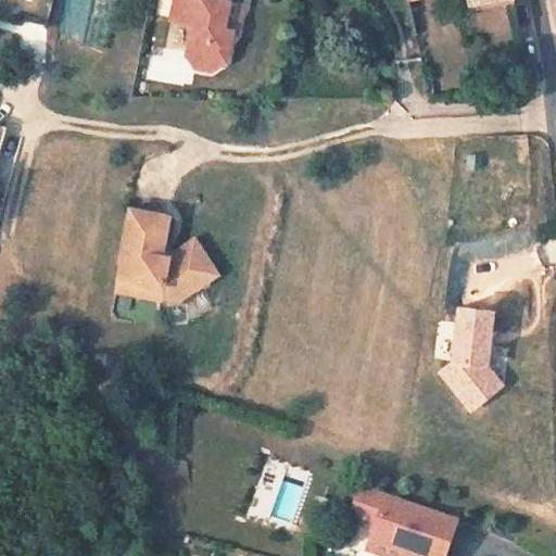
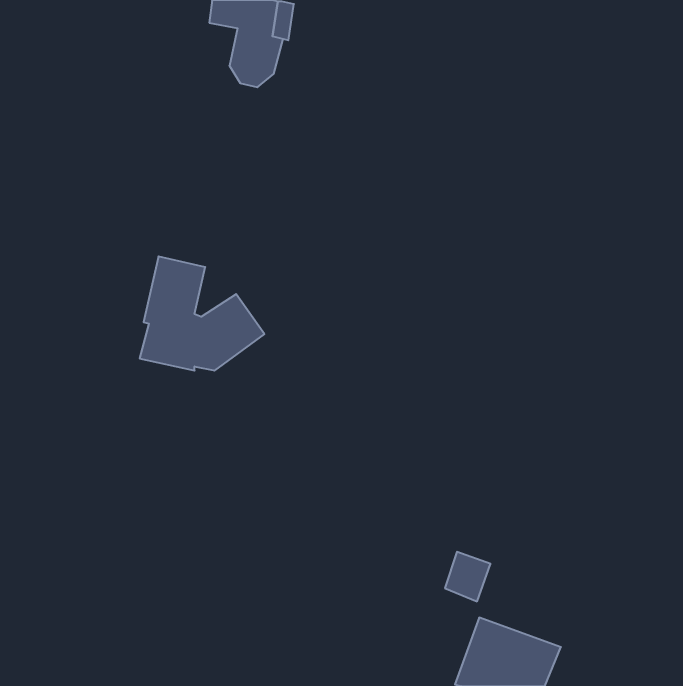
building: [442,304,503,406] -> none
building: [353,490,390,530] -> [445,552,491,601]

